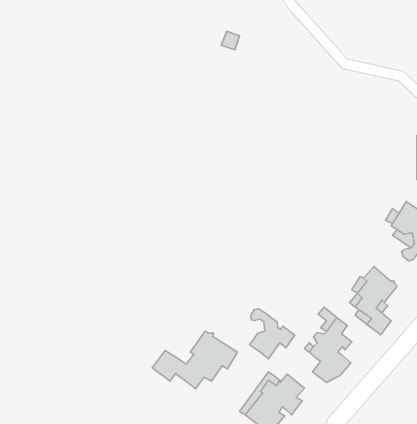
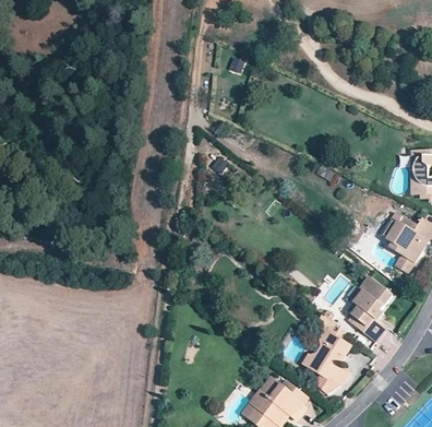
building: [250,309,295,359] -> none
building: [152,331,238,389] -> none

